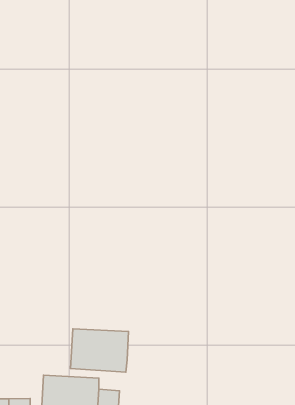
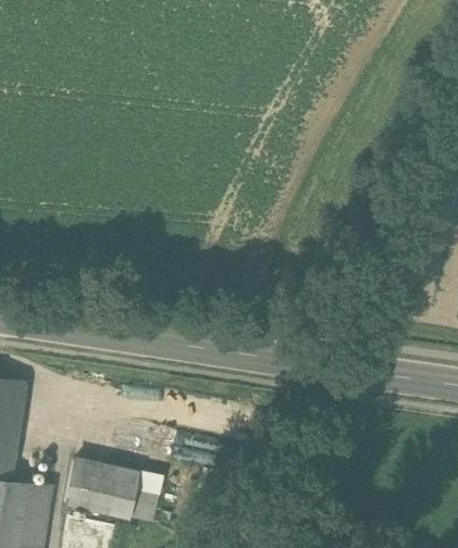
building: [70,329,129,372] -> none

